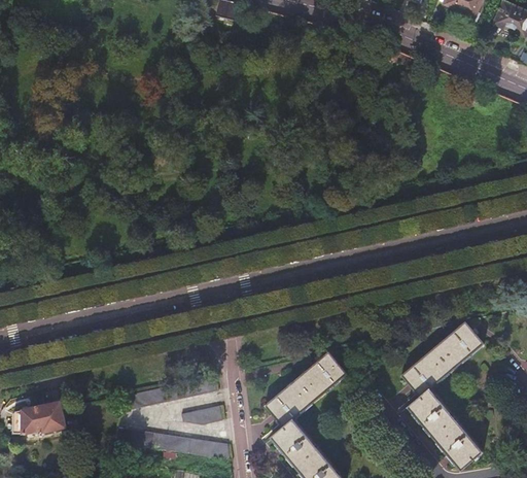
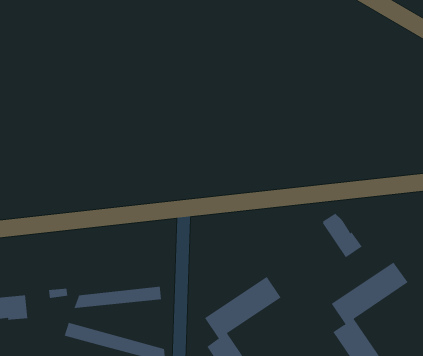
building: none -> [323,213,363,258]
building: [180,405,220,424] -> none

